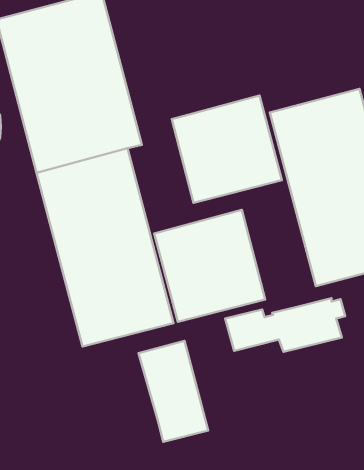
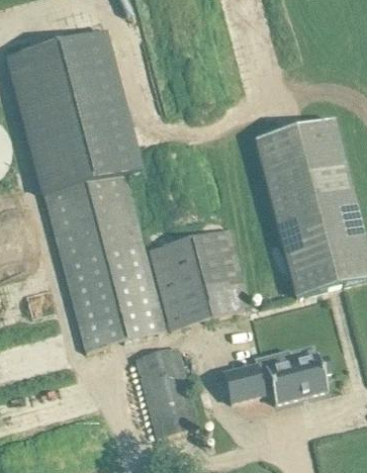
building: [172,95,282,203] -> none
building: [225,298,345,352] -> [222,353,331,401]

